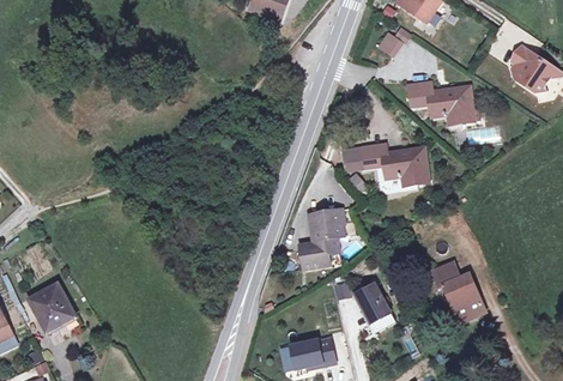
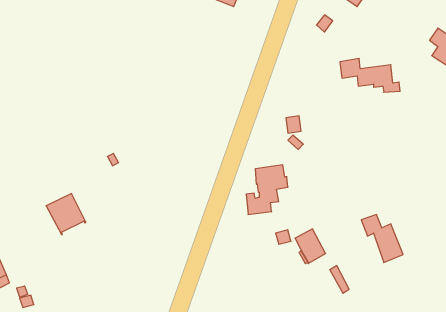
building: [364,146,428,185] -> none
building: [30,284,77,332] -> [46,194,86,234]
building: [291,341,335,370] -> none

